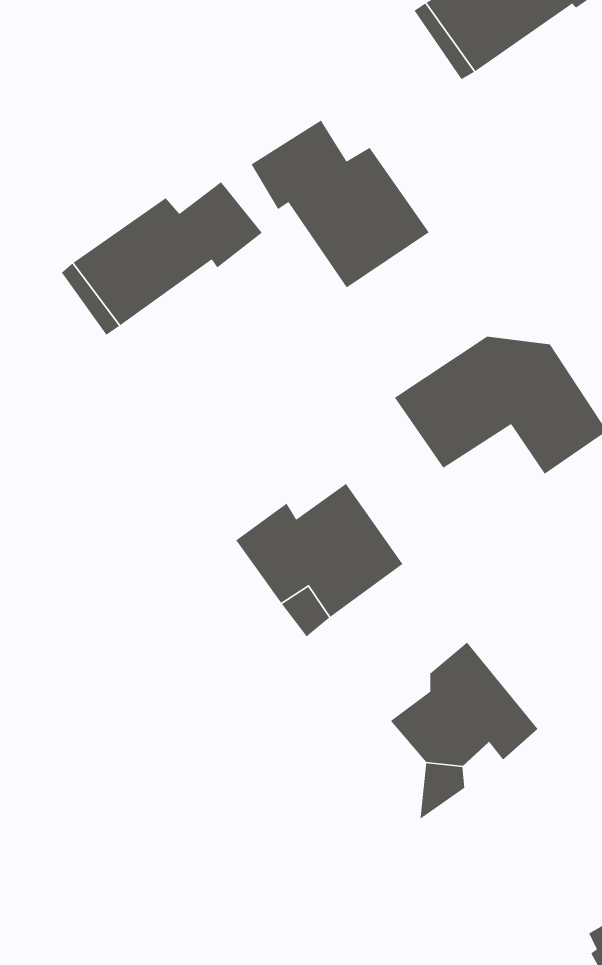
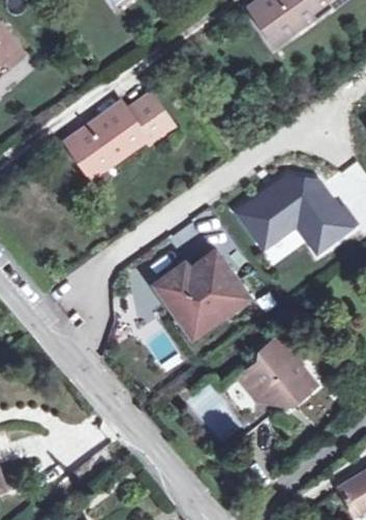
building: [250,119,430,288] -> none

